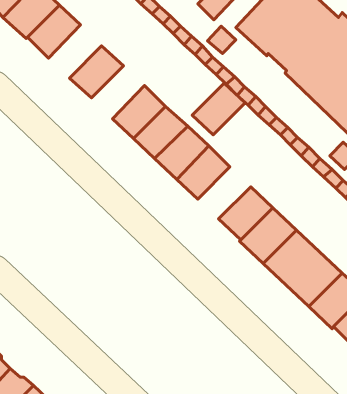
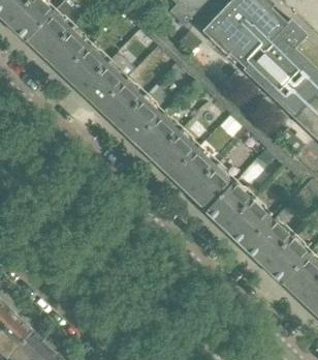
building: none -> [45,29,90,73]
building: none -> [82,63,126,108]
building: [192,83,245,135] -> [170,148,215,191]

